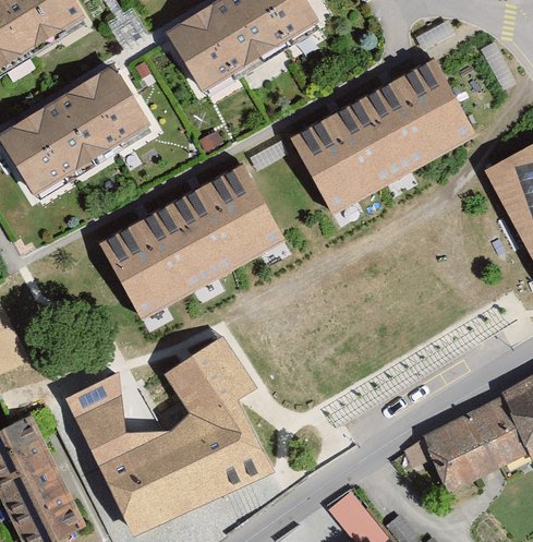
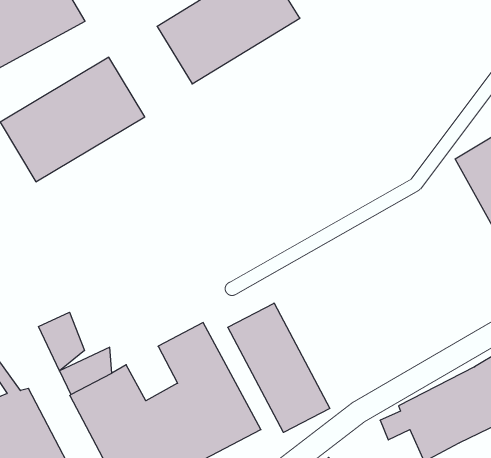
building: [290,60,475,214] -> none
building: [99,162,281,318] -> none
building: none -> [228,303,330,432]
building: none -> [39,312,84,371]

